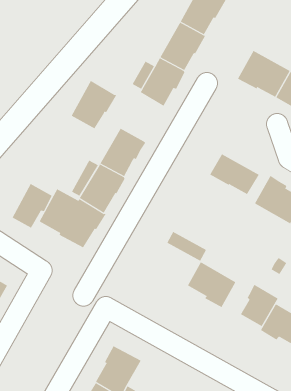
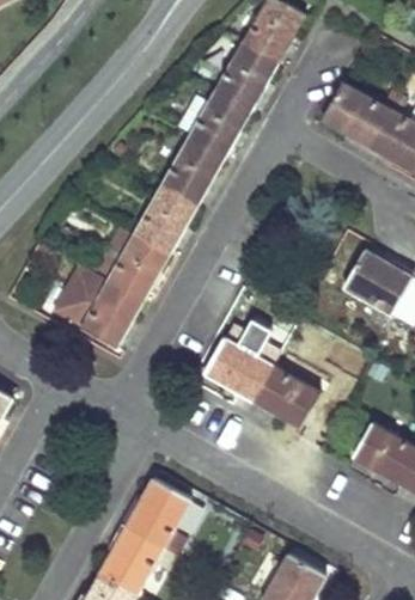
building: [71,80,117,129] -> [161,139,224,204]
building: [209,153,259,195] -> none
building: [12,183,53,228] -> none
building: none -> [202,339,269,398]
building: [240,284,279,327] -> none

